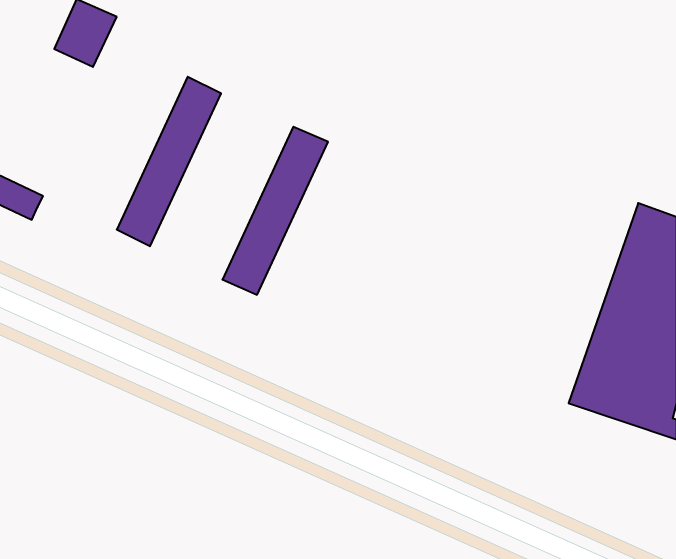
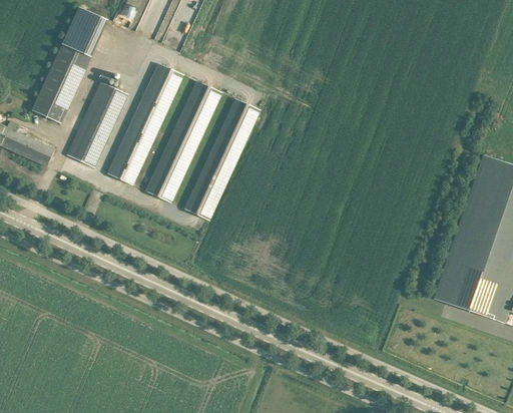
building: none -> [31,43,90,122]
building: none -> [145,81,221,202]
building: none -> [66,82,127,167]

